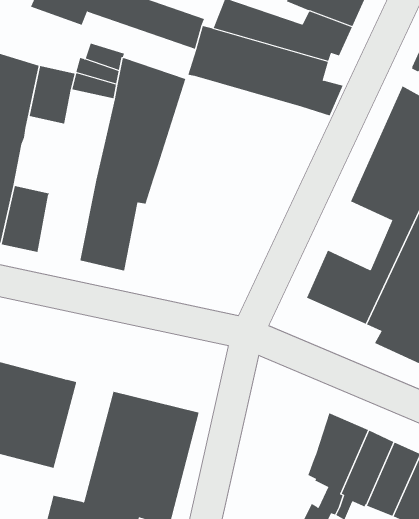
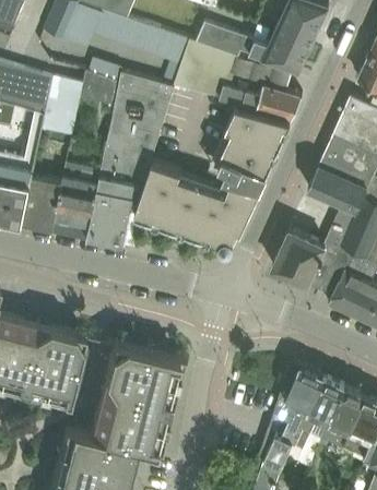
building: none -> [136,107,292,253]
building: none -> [54,166,101,238]

